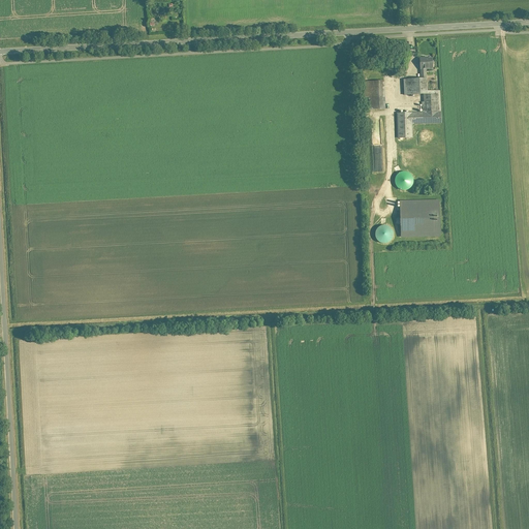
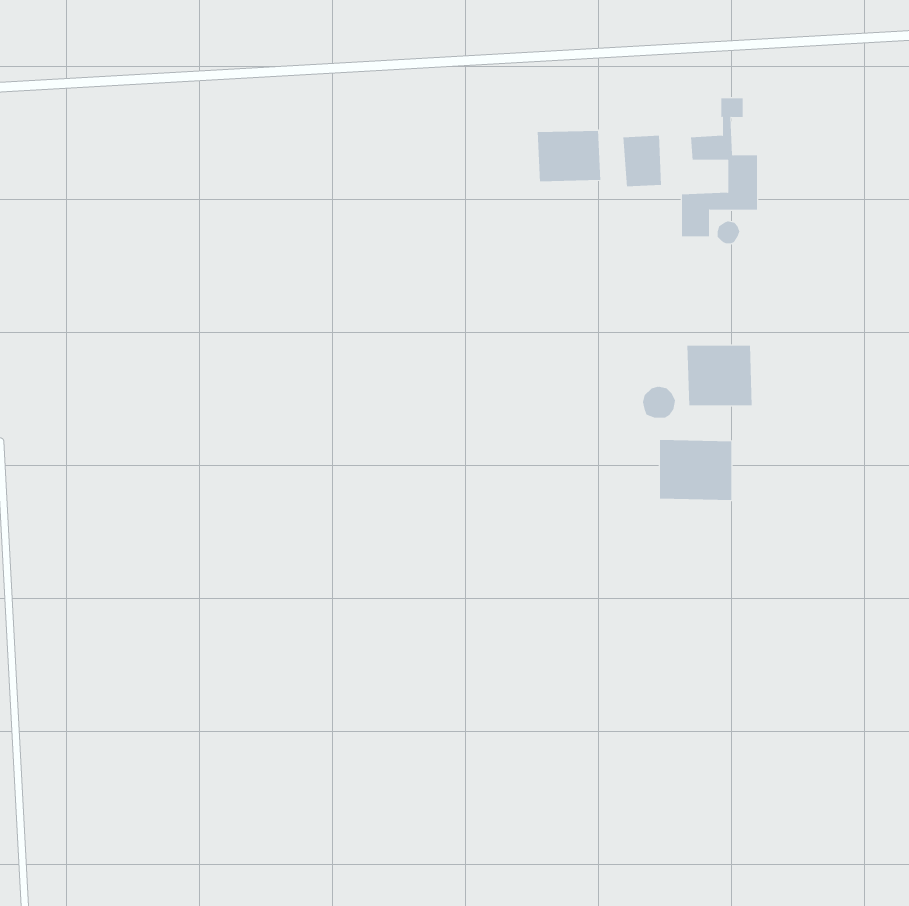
building: none -> [537,130,601,182]
building: none -> [659,439,732,501]

